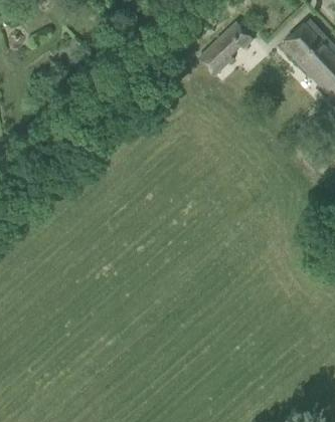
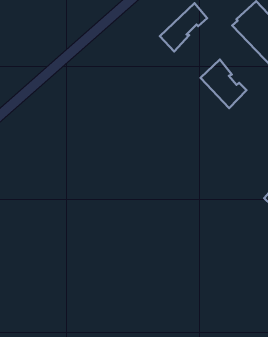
building: none -> [201,60,246,108]

